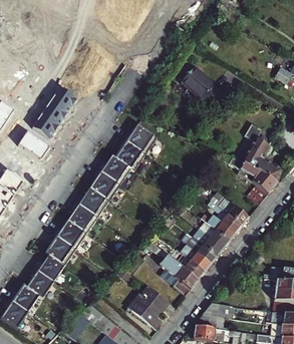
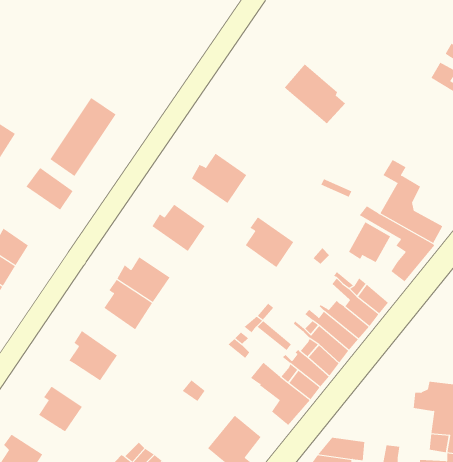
building: [115,139,146,171] -> [245,217,294,268]
building: none -> [348,222,391,263]
building: [90,169,121,202] -> none
building: [54,221,88,251] -> none
building: [35,256,66,283] -> none
building: [10,286,41,313] -> none

